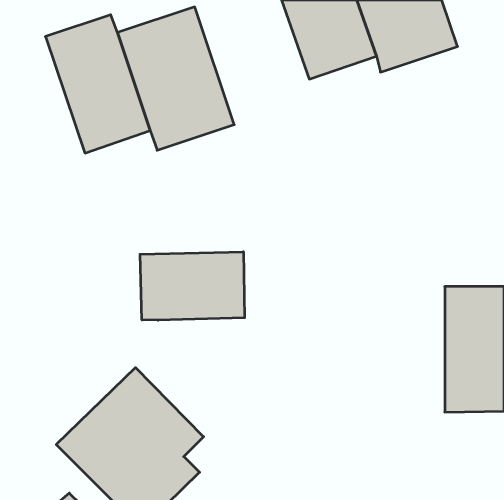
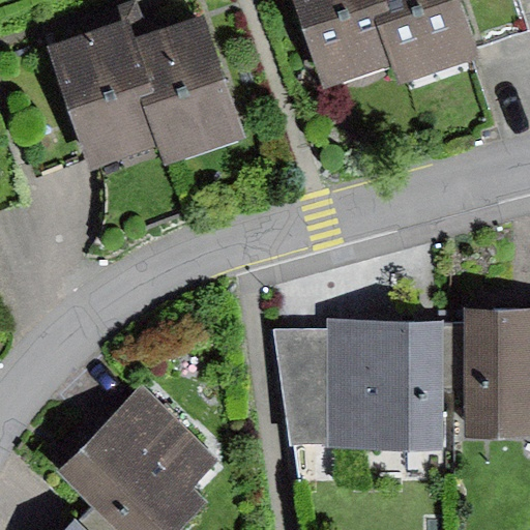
building: [140,252,245,320] -> none
building: none -> [273,320,446,452]

